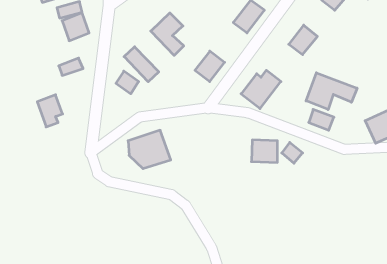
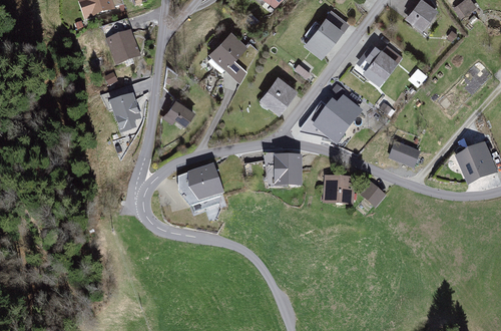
building: [124,47,159,82] -> none
building: [306,73,357,110] -> none
building: [37,95,63,127] -> [110,96,139,133]
building: none -> [264,156,302,188]

